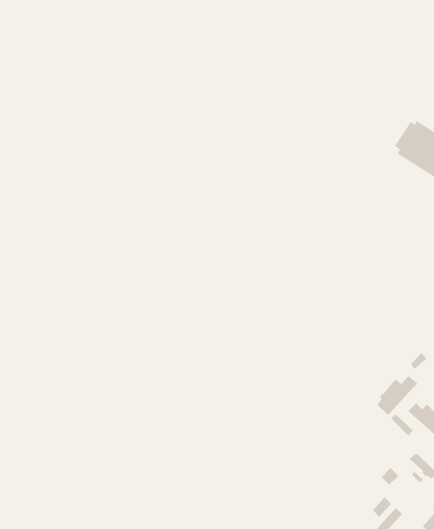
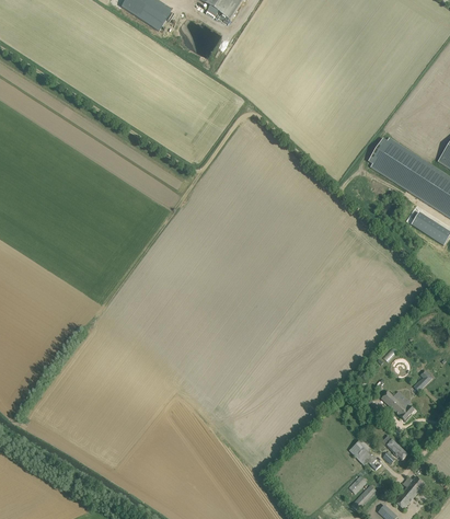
building: [377,375,418,416] -> none

